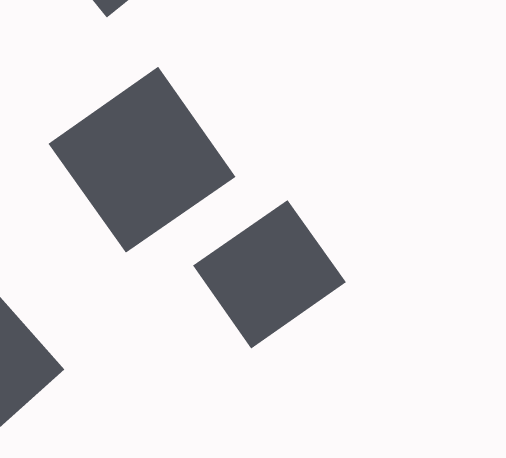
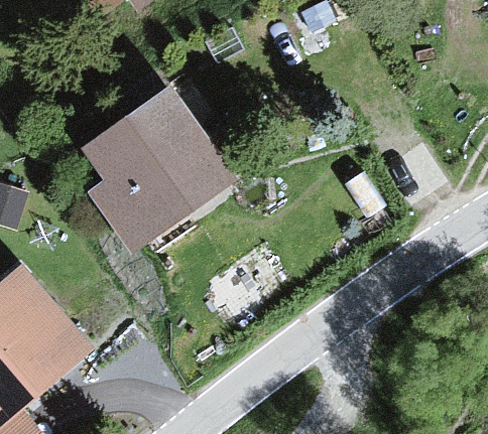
building: [192,199,347,350] -> none

